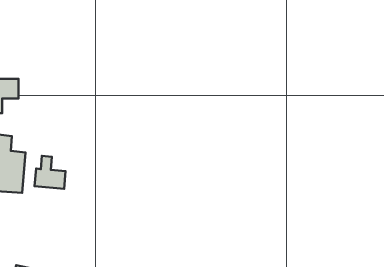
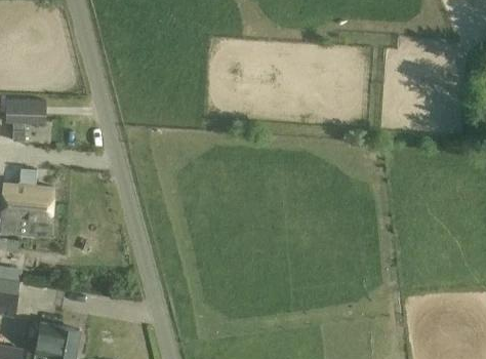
building: [35,156,66,189] -> none

